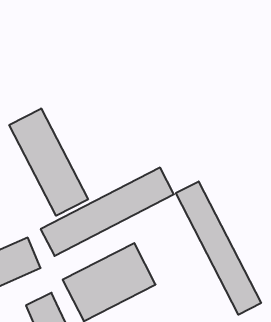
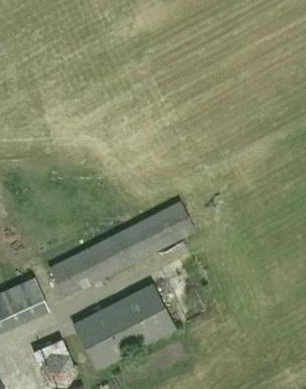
building: [9,108,88,216] -> none
building: [176,181,261,315] -> none

